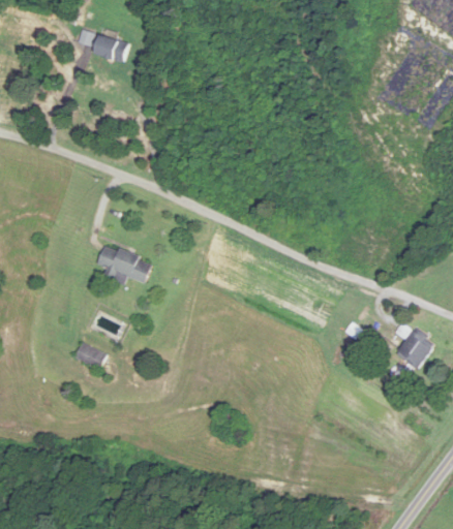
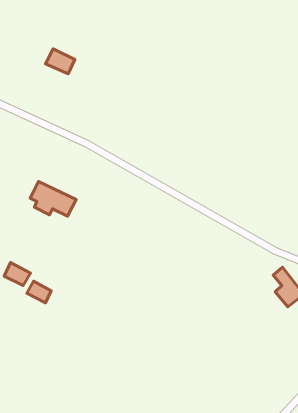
building: [94,33,128,61] -> [46,49,75,74]
building: none -> [27,281,51,303]

